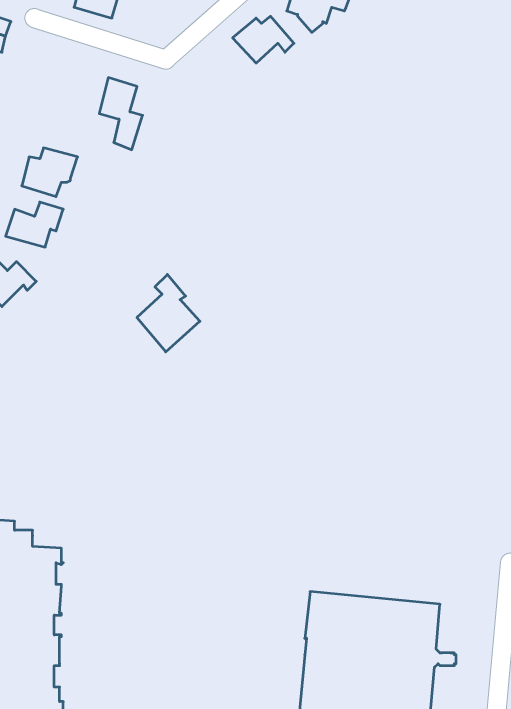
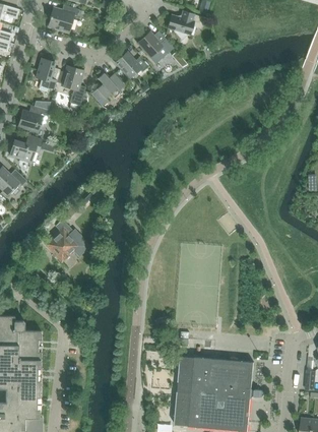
building: none -> [116,52,147,77]
building: none -> [36,58,56,88]
building: none -> [91,72,124,105]
building: [137,274,200,352] -> [45,219,80,262]

